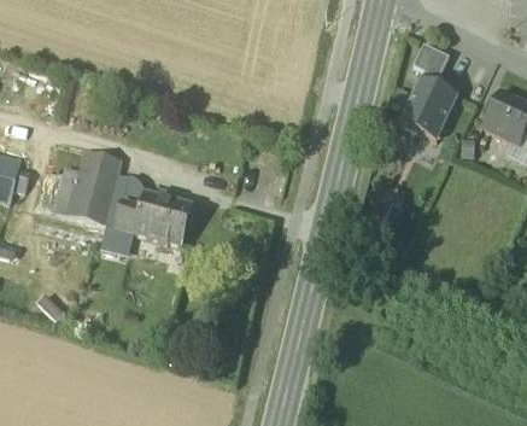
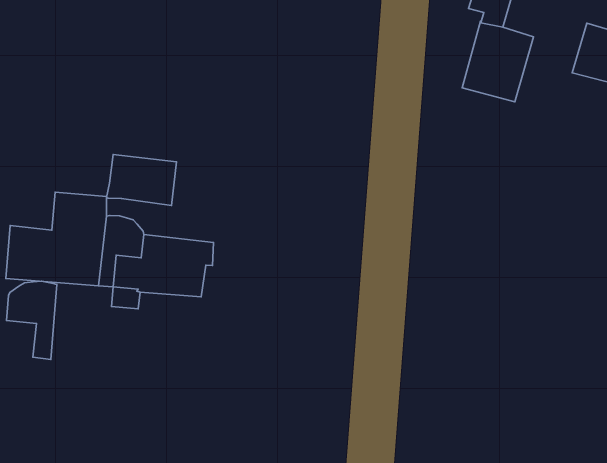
building: none -> [107,155,177,206]
building: none -> [6,281,57,359]

